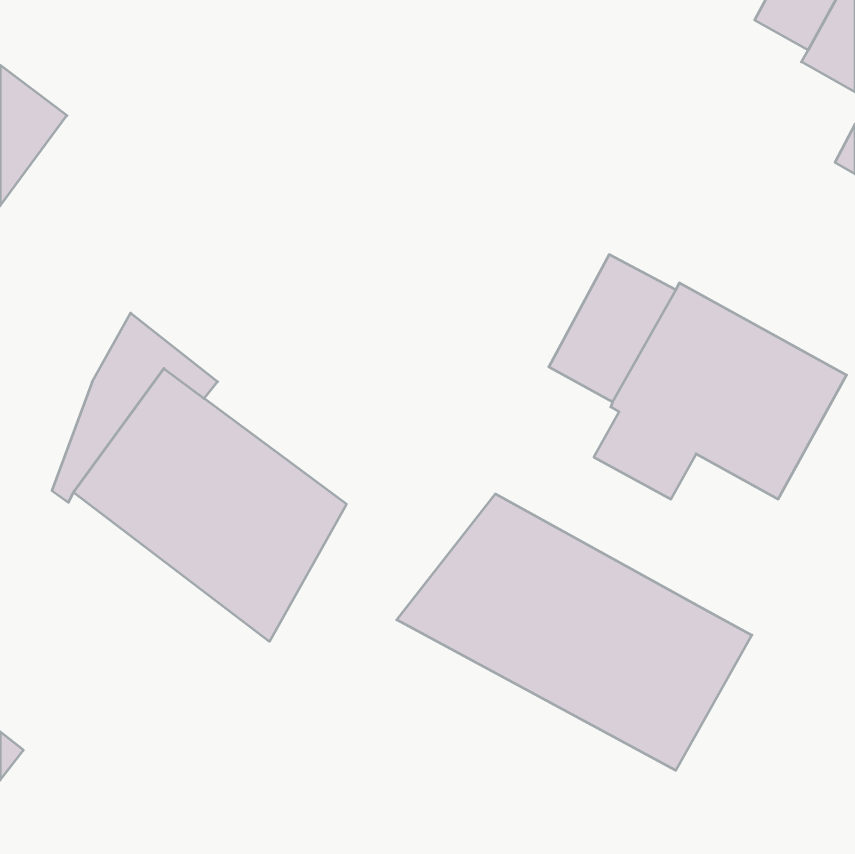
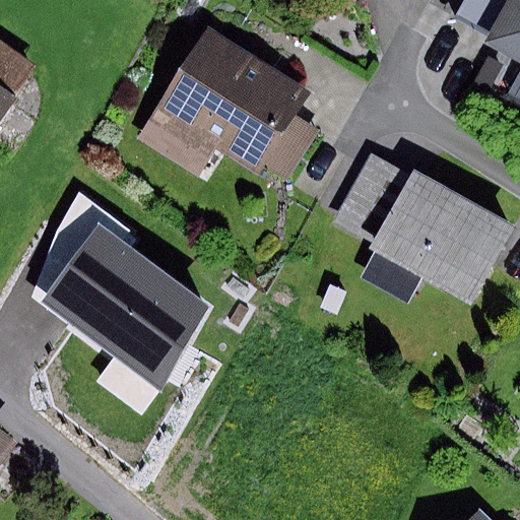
building: none -> [139,28,319,180]
building: [397,494,752,770] -> none

